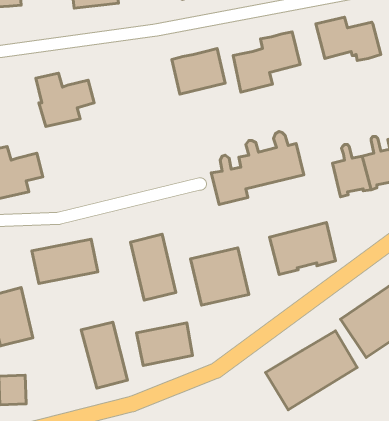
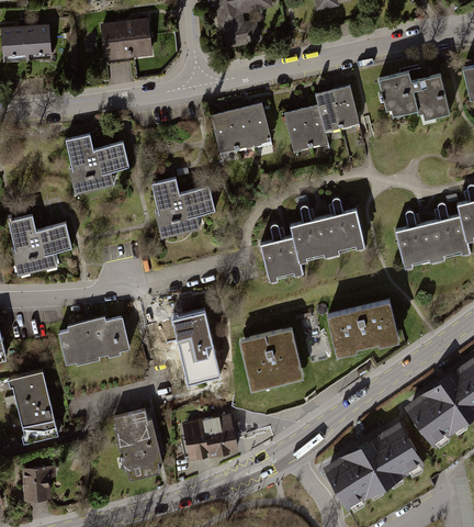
building: none -> [151,176,216,236]

